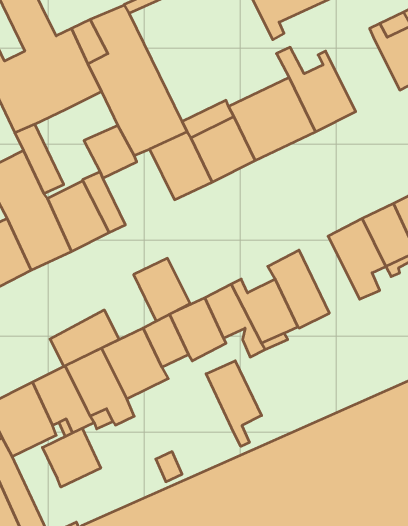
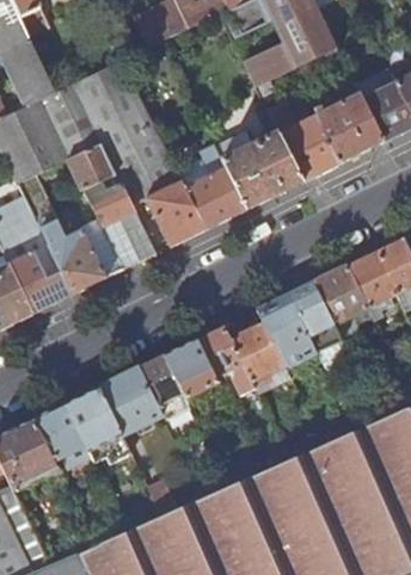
building: none -> [311,95,381,163]
building: none -> [65,144,114,192]
building: none -> [286,282,343,354]
building: [134,258,190,321] -> [99,211,153,271]
building: [50,310,119,367] -> none
building: [206,361,262,446] -> none
building: [42,428,101,487] -> none

